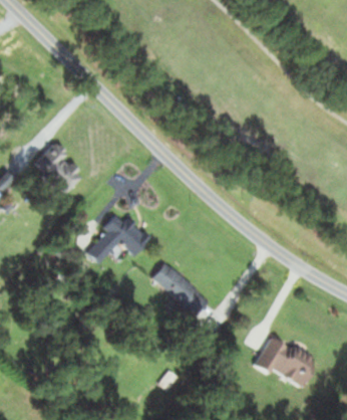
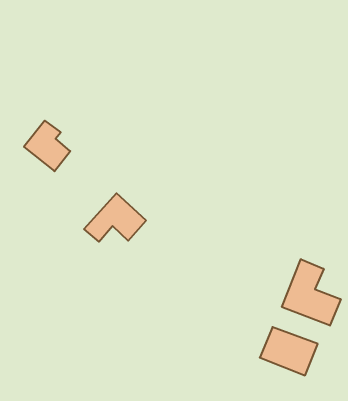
building: [151,261,209,318] -> none
building: none -> [282,259,341,326]

